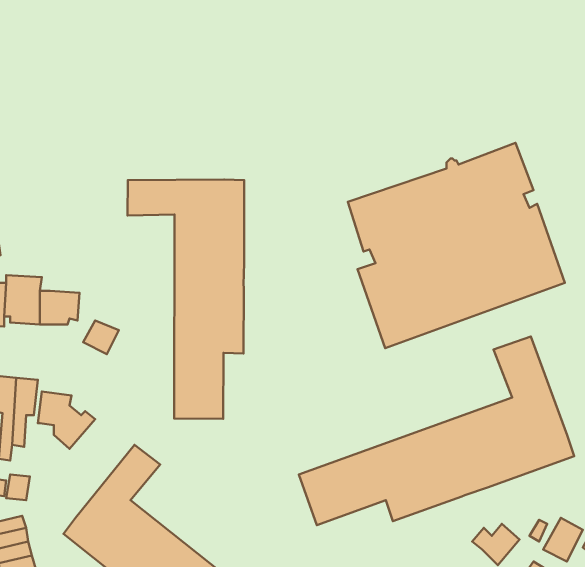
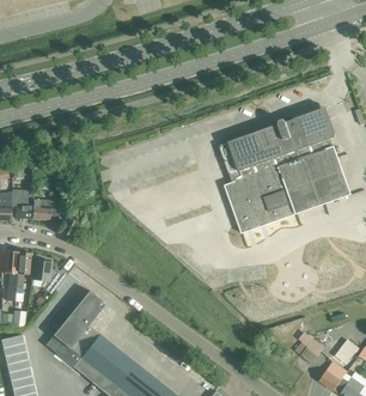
building: [127,180,244,419] -> none
building: [299,337,574,525] -> none

